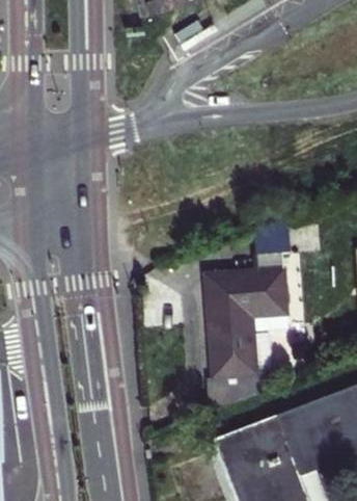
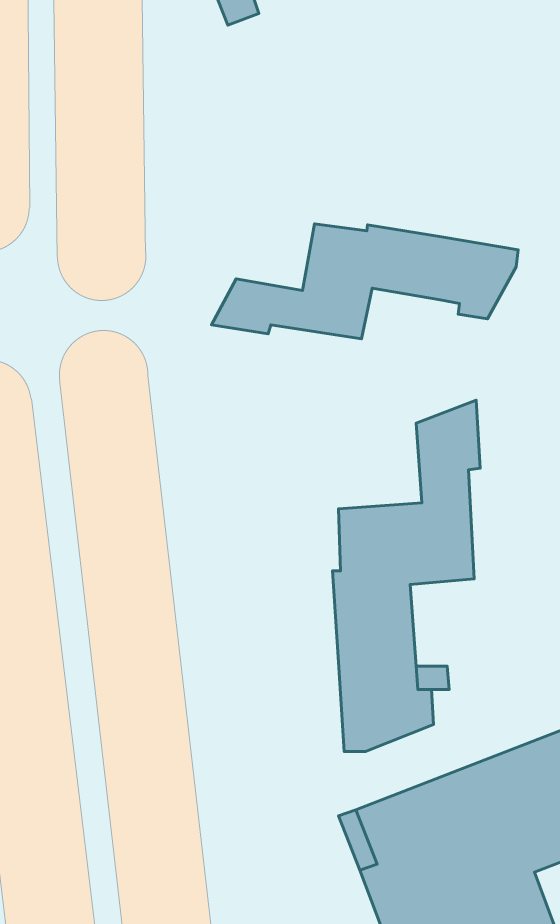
building: none -> [211,224,518,339]

